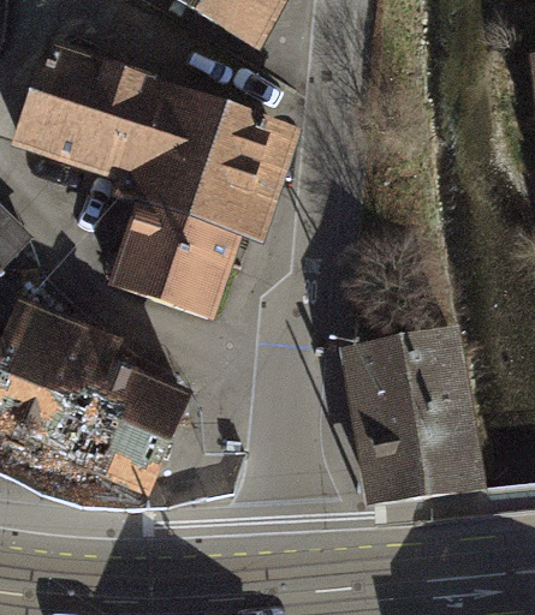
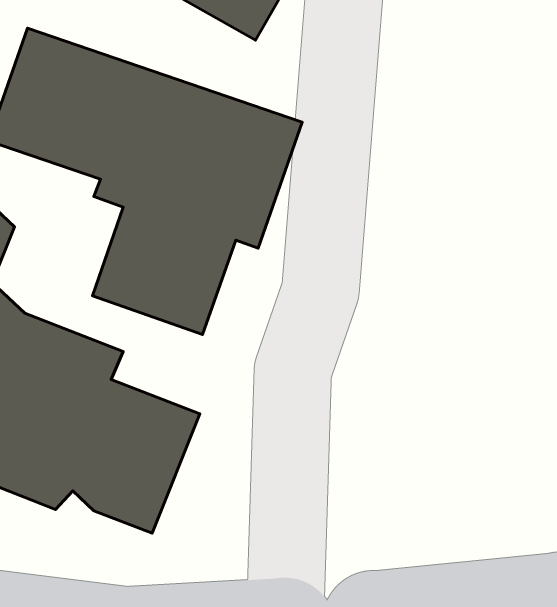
building: [339,320,483,502] -> none

